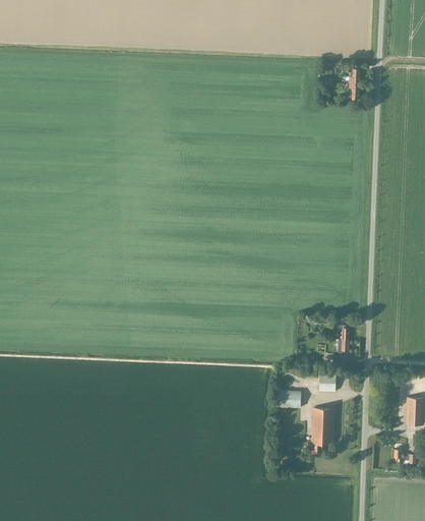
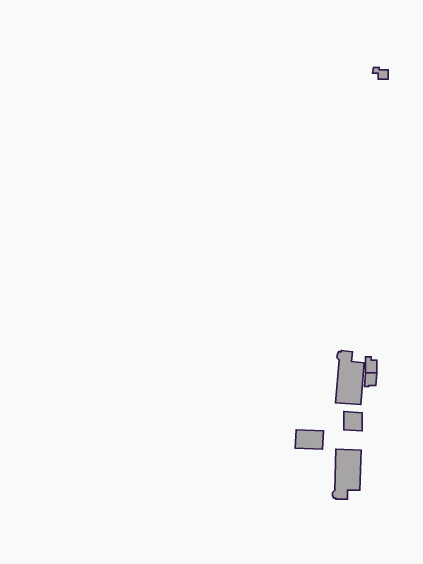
building: none -> [336,351,364,404]

